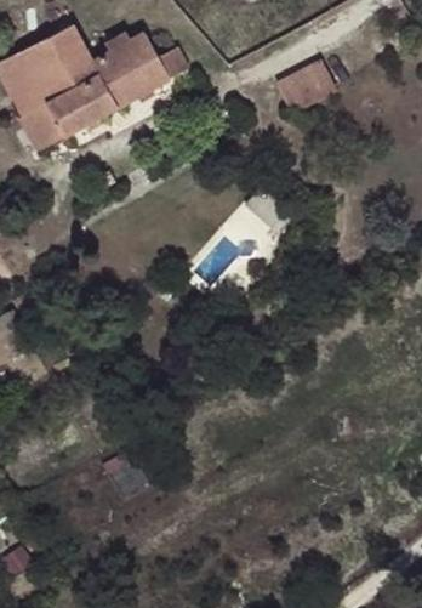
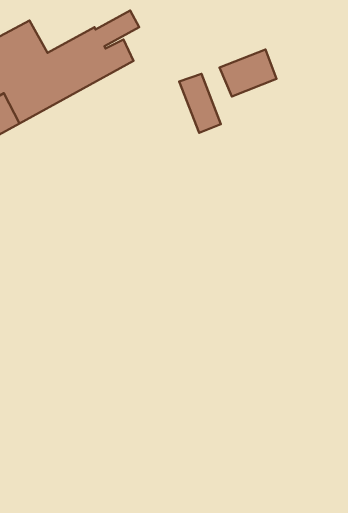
building: none -> [179,74,221,133]

